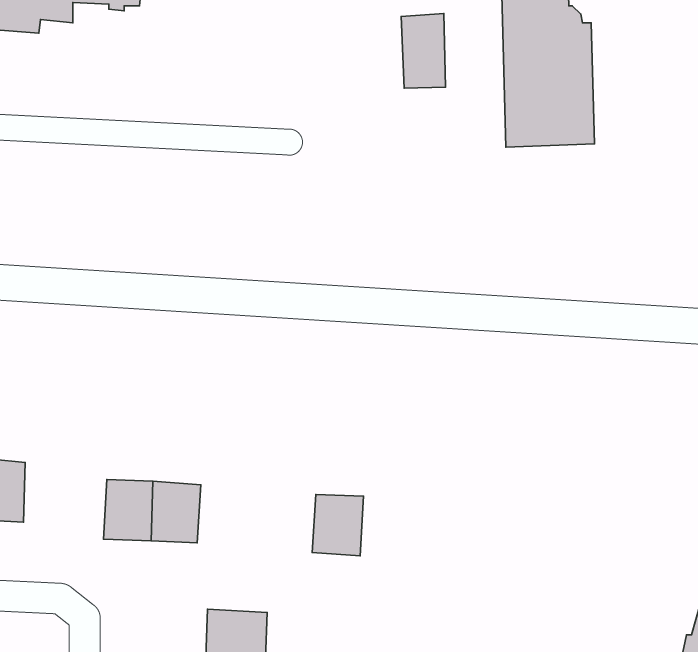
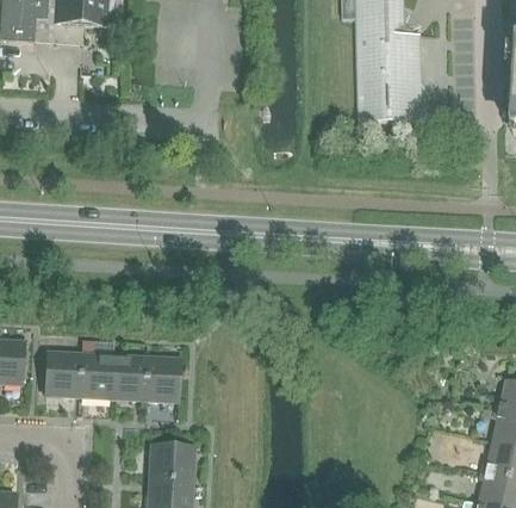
building: [401,13,445,88] -> none
building: none -> [44,351,80,395]
building: [312,495,363,556] -> [143,357,179,399]

